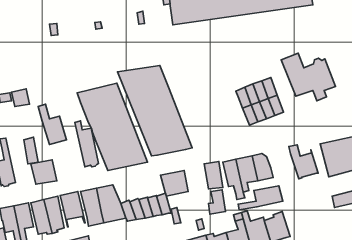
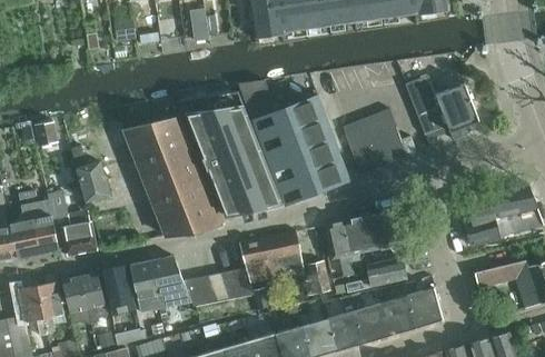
building: none -> [237,80,349,204]
building: [75,121,98,167] -> [26,189,58,252]
building: [289,145,318,179] -> [403,280,443,327]
building: none -> [270,231,303,271]

